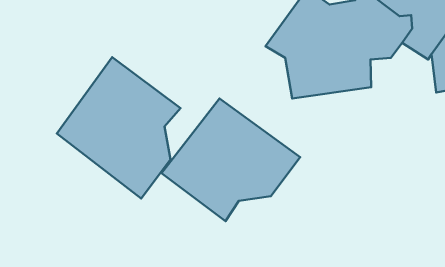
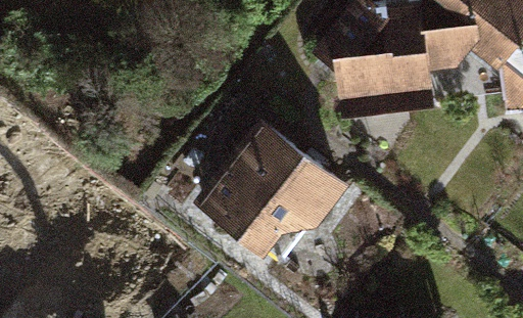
building: [57,57,181,198] -> none

